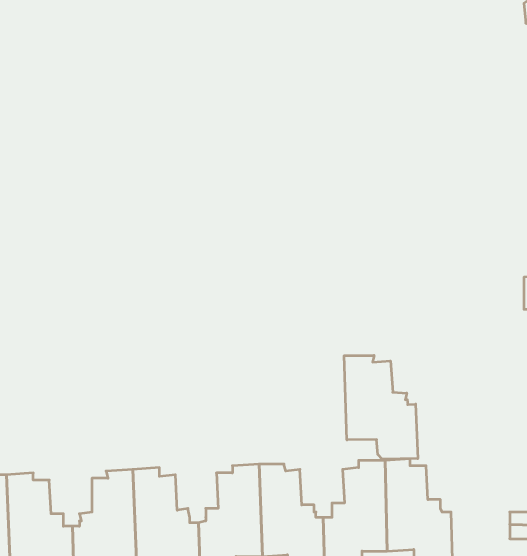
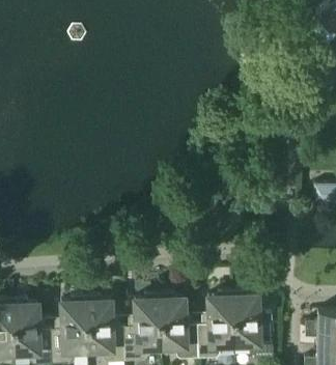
building: [344,355,418,459] -> none

